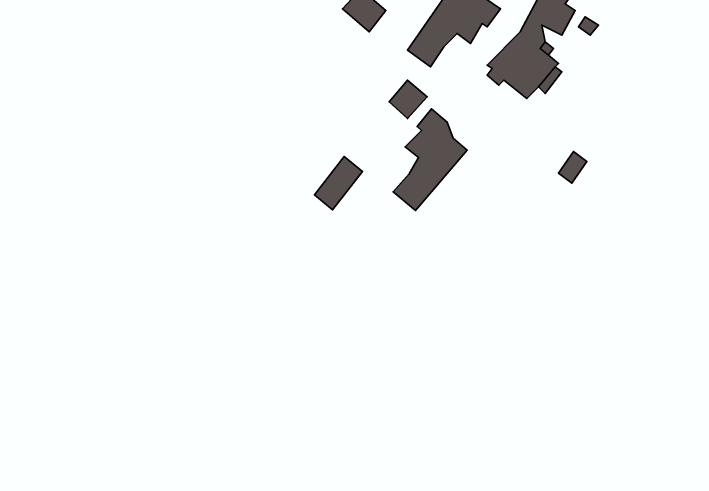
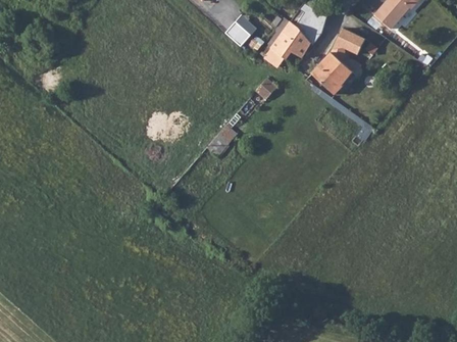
building: [393,109,467,211] -> none

